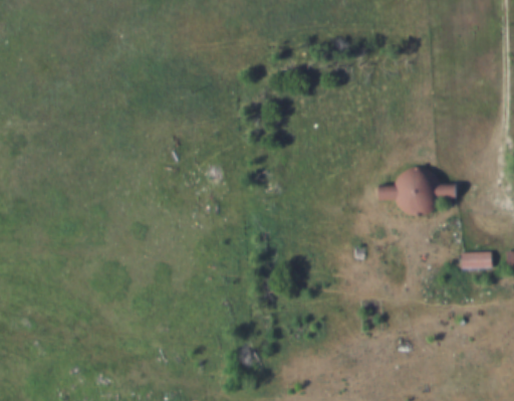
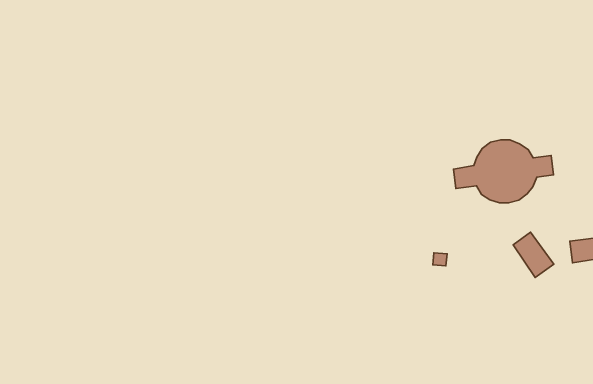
building: none -> [513,232,554,277]

